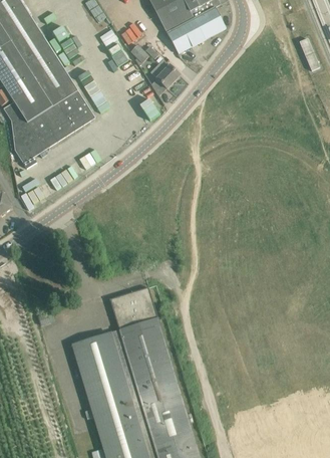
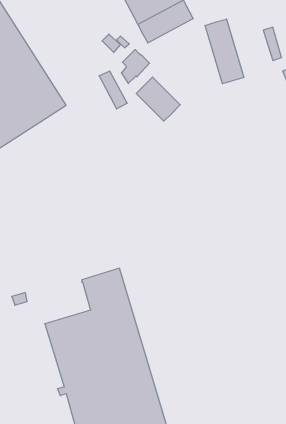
building: none -> [205,19,244,84]
building: none -> [136,77,180,121]

